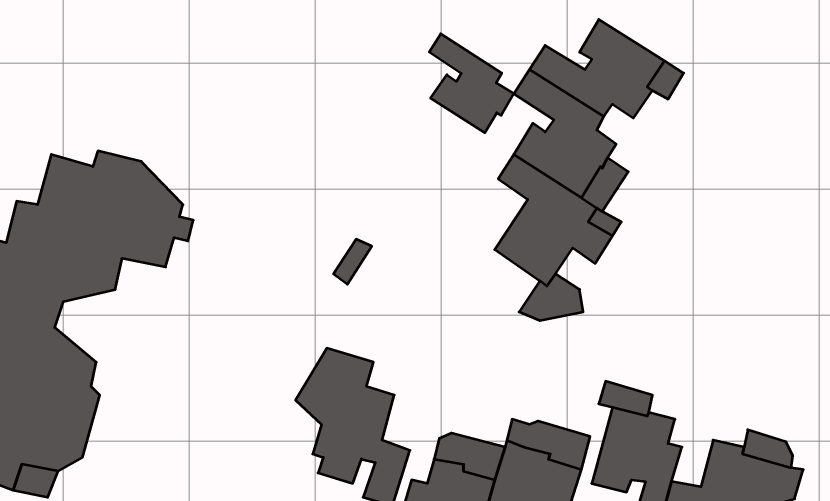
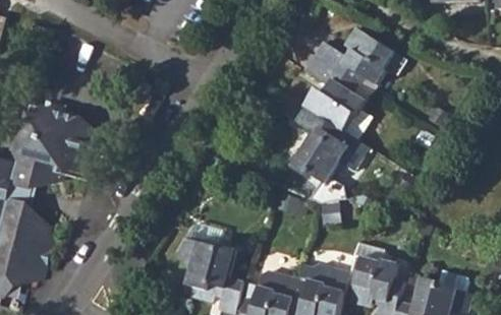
building: [429,34,514,133] -> none

